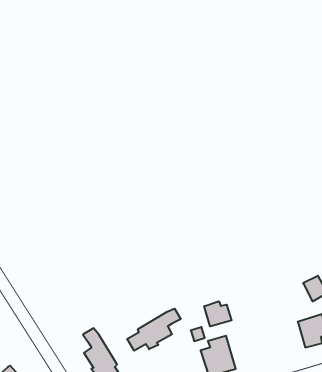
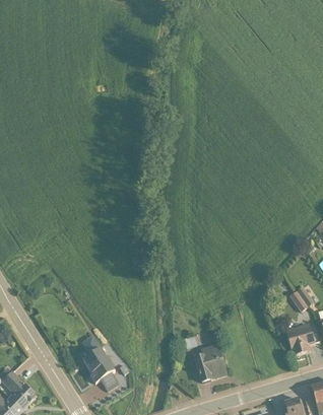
building: [204,301,232,326] -> none
building: [127,309,181,351] -> none

